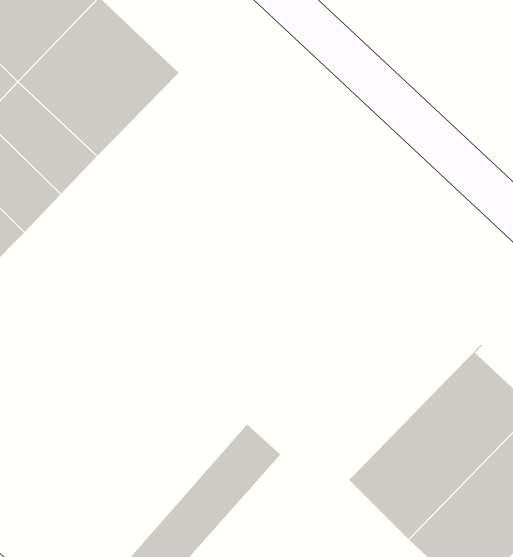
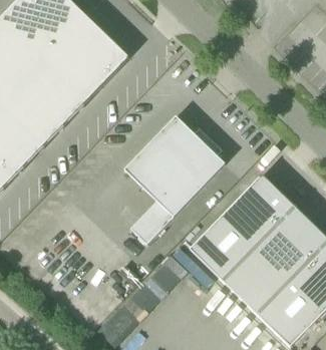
building: none -> [124,115,226,244]
building: none -> [190,173,297,281]

